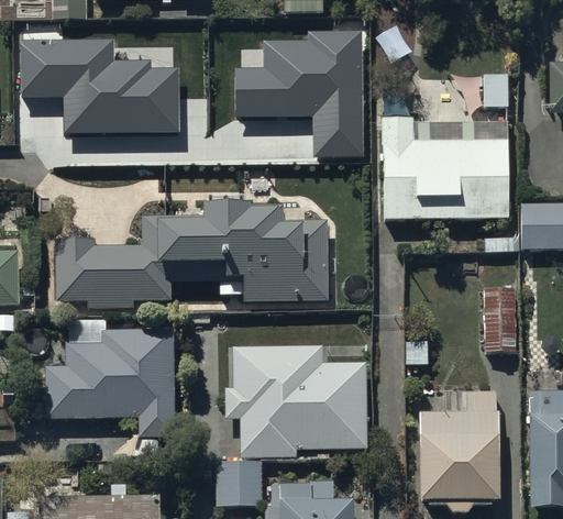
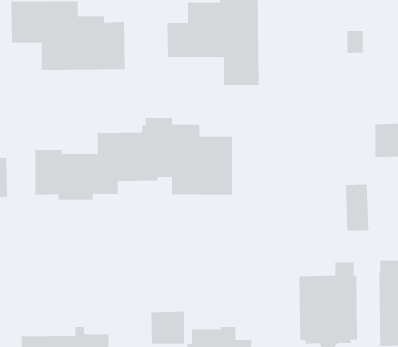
building: [383,118,509,221] -> none
building: [45,320,175,439] -> none
building: [224,345,368,459] -> none

